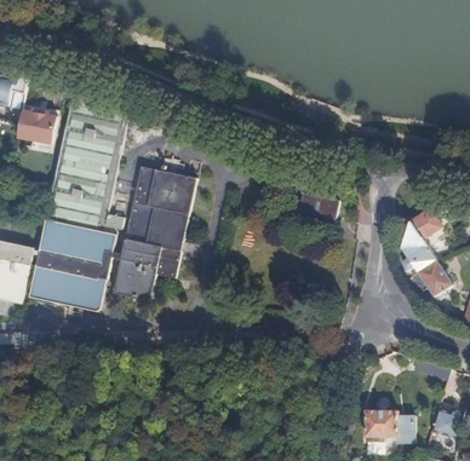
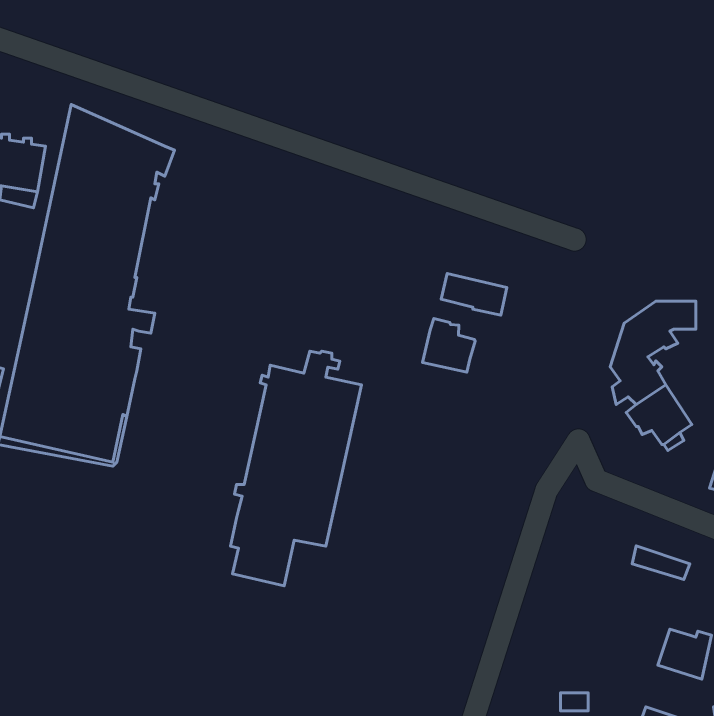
building: [118,156,197,299] -> [230,351,362,586]
building: none -> [423,318,475,372]
building: [365,410,413,442] -> none

